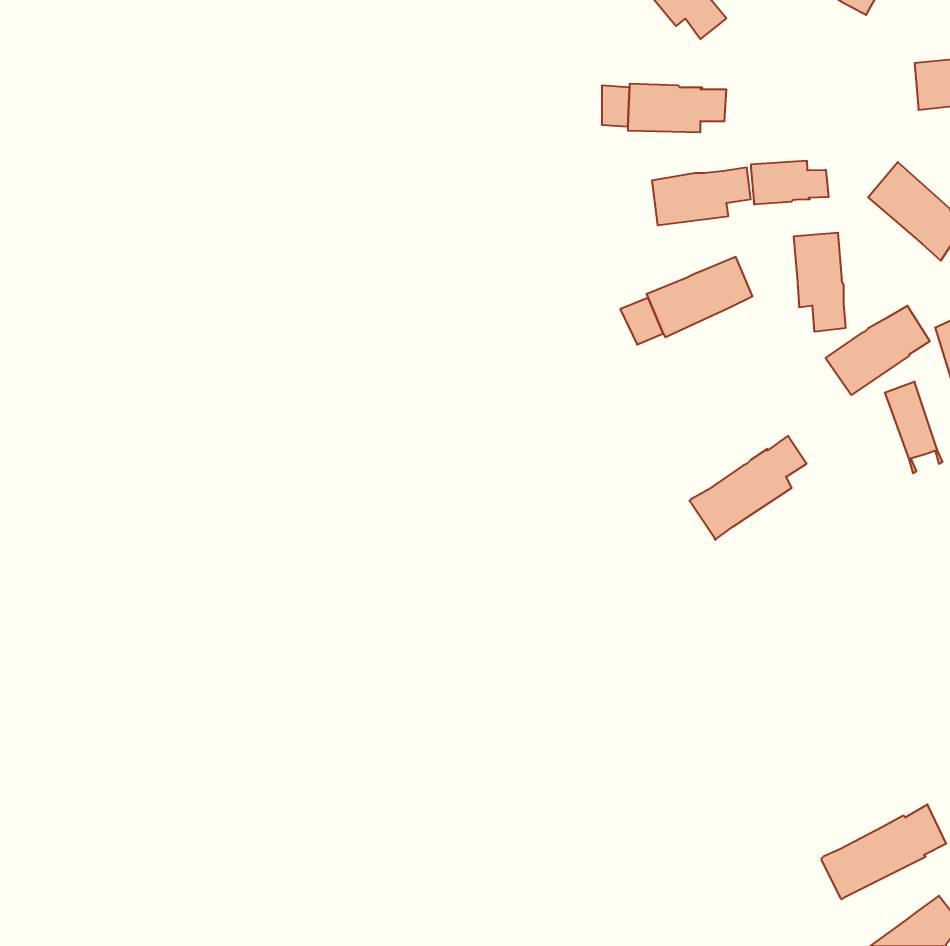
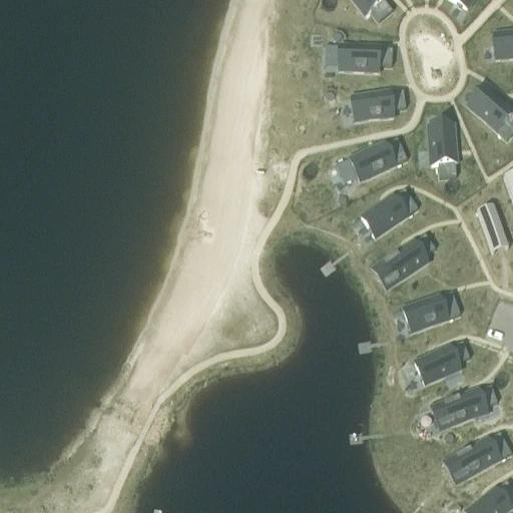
building: [751,161,828,205] -> none
building: [826,306,930,395] -> [361,189,417,237]
building: none -> [402,293,459,333]
building: none -> [414,343,469,385]
building: none -> [431,386,497,430]

